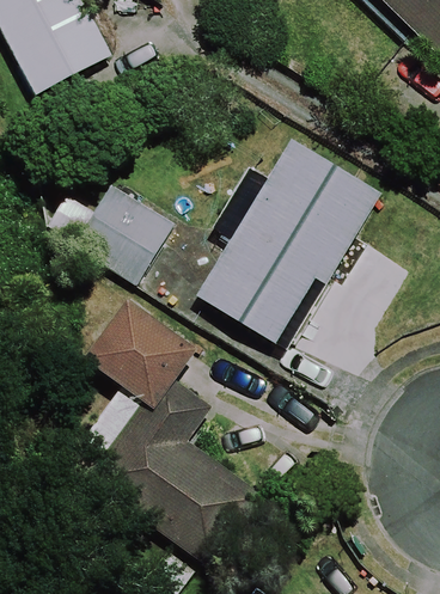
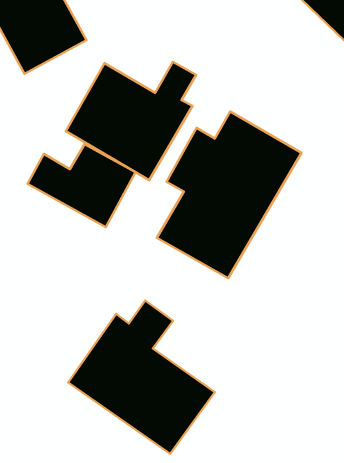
building: none -> [66,62,196,180]
building: [93,293,207,403] -> none

